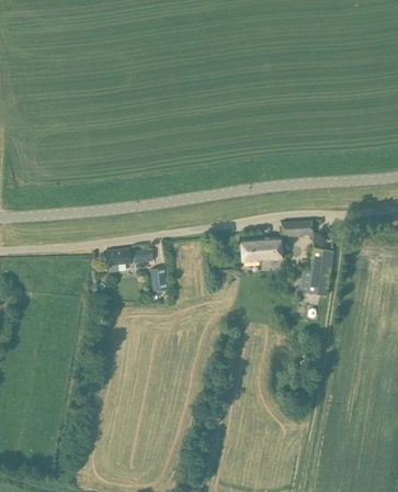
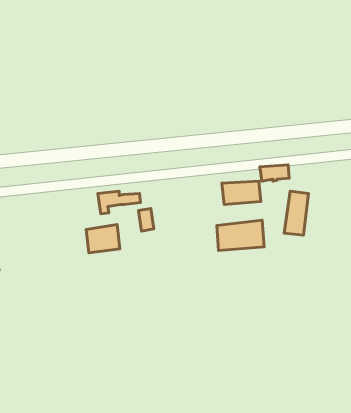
building: none -> [217,220,264,251]
building: none -> [86,224,120,253]

